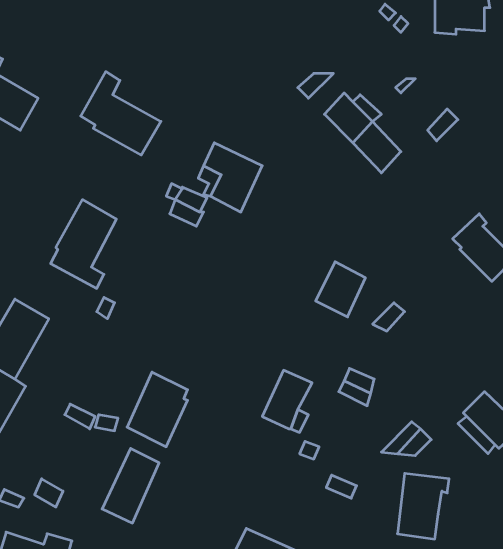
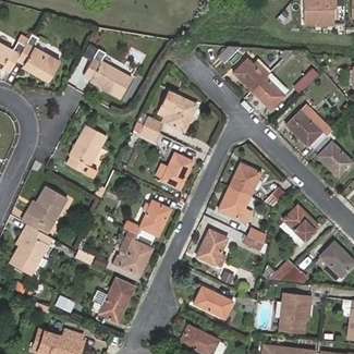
building: none -> [288,106,331,148]
building: none -> [161,151,192,188]
building: none -> [219,186,259,224]
building: none -> [124,199,170,241]
building: none -> [283,205,319,241]
building: none -> [194,286,233,317]

